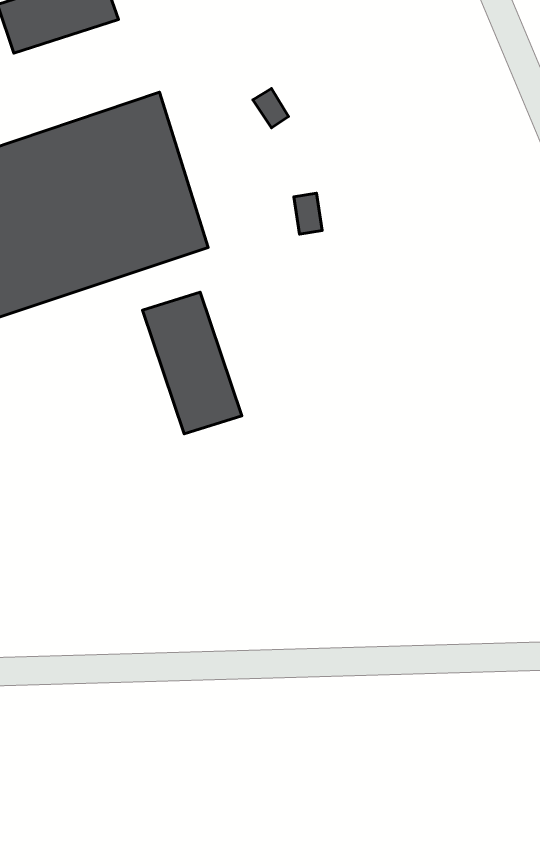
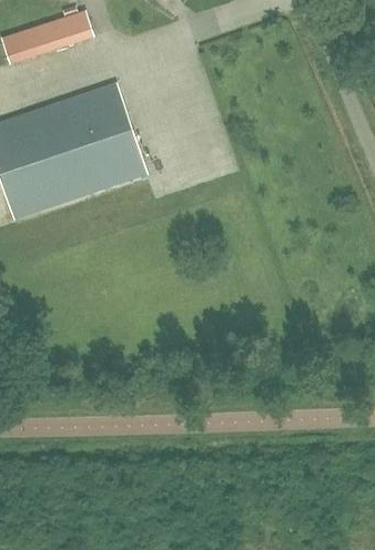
building: [143,292,242,434] -> none

